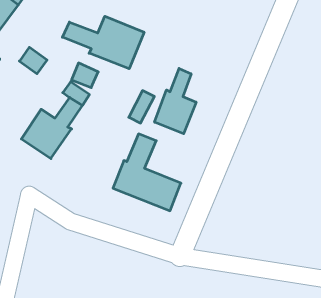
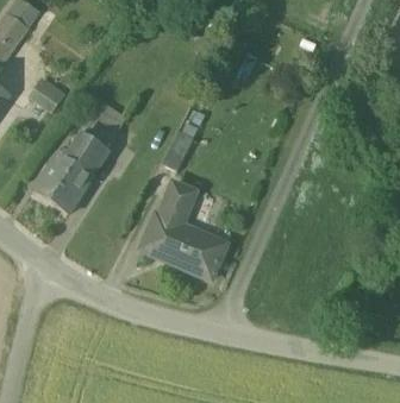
building: [62,16,144,69] -> none
building: [155,68,196,134] -> none

